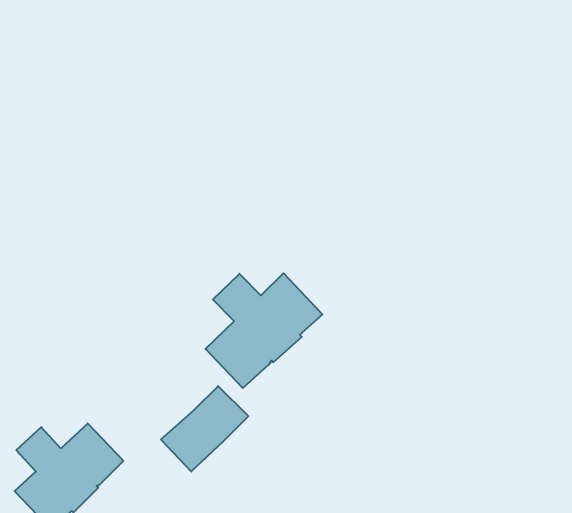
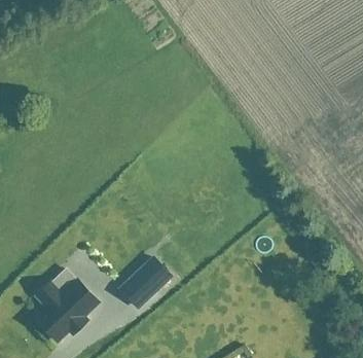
building: [205,273,322,388] -> none

